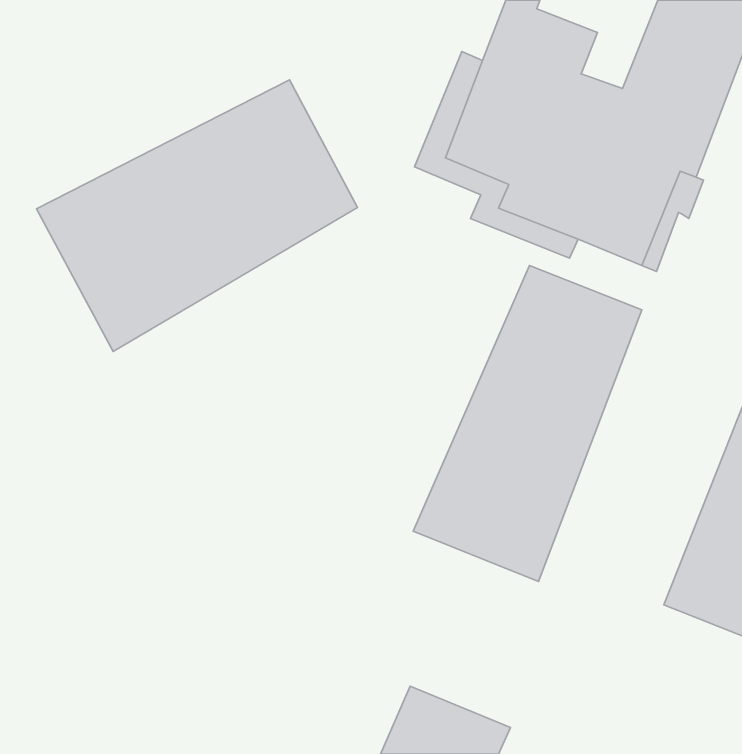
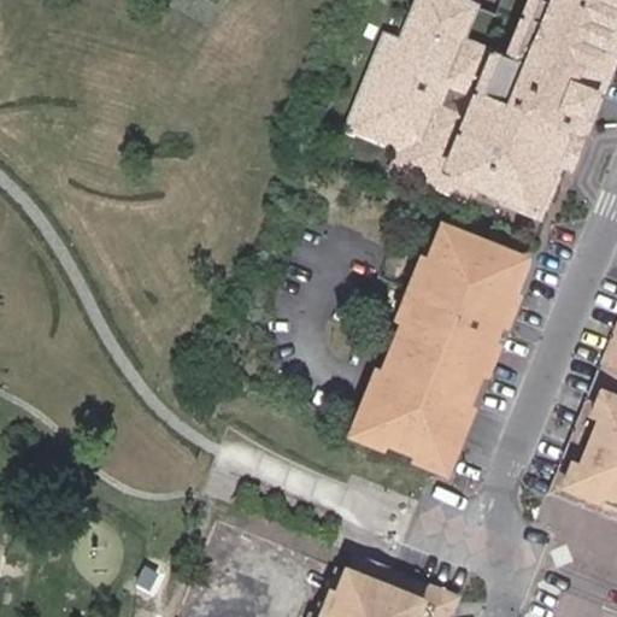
building: [37,80,357,352] -> none

